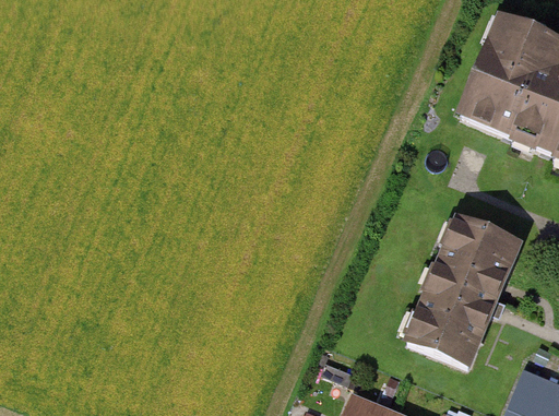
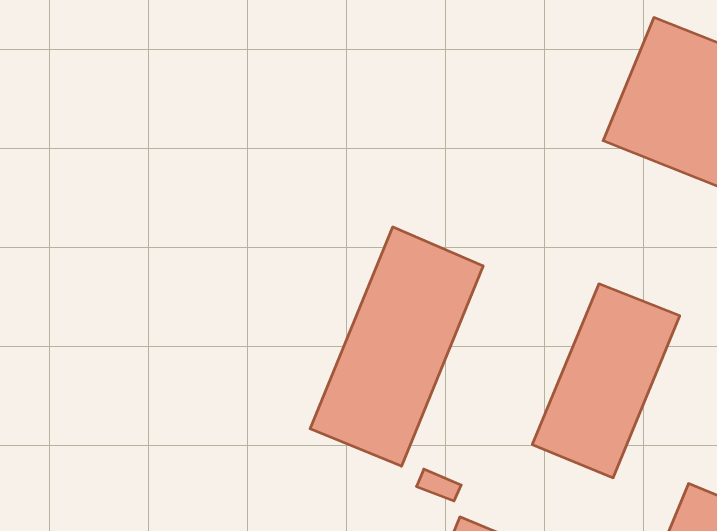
building: none -> [310,227,483,466]

